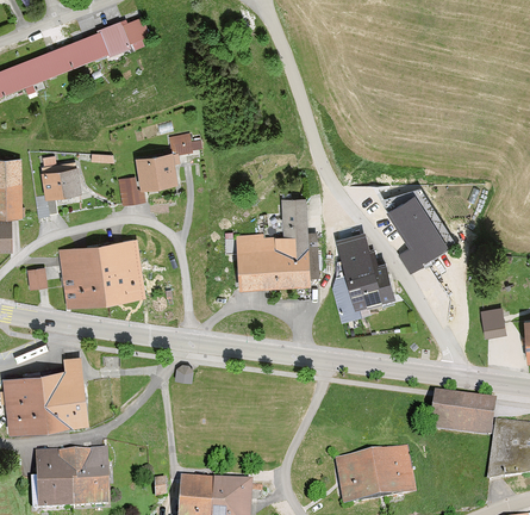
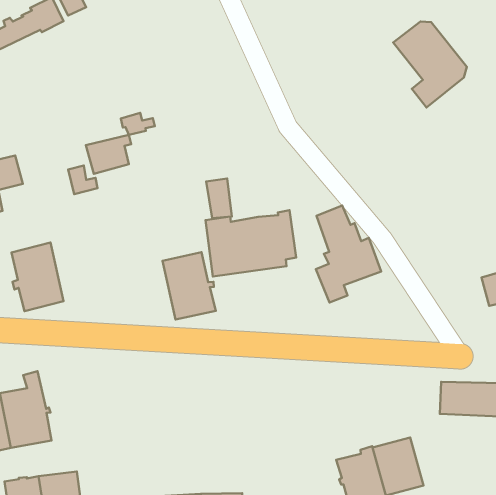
building: [386,194,450,272] -> [393,22,467,107]
building: [283,203,304,237] -> [206,178,232,218]
building: [98,240,142,298] -> [162,252,216,319]

